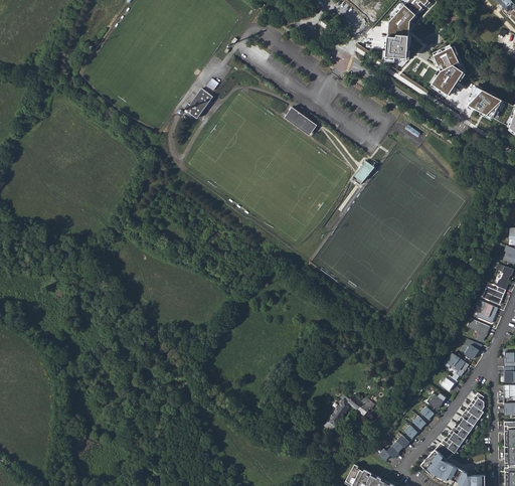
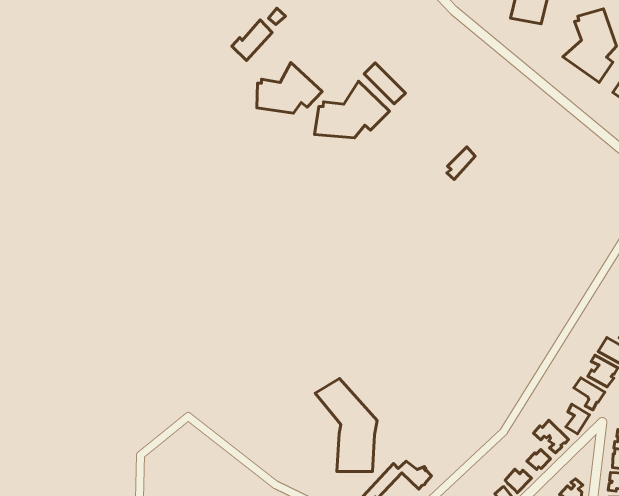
building: none -> [257,63,322,113]
building: none -> [314,81,389,138]
building: none -> [315,378,377,472]

